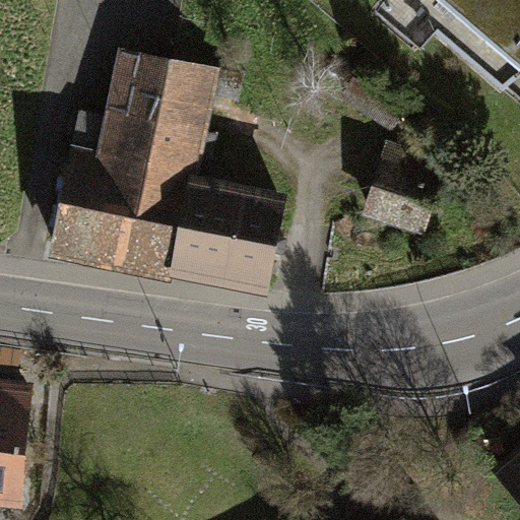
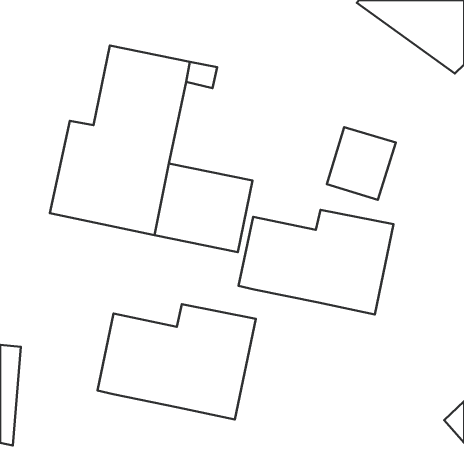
building: none -> [239,210,393,315]
building: none -> [97,304,256,420]

